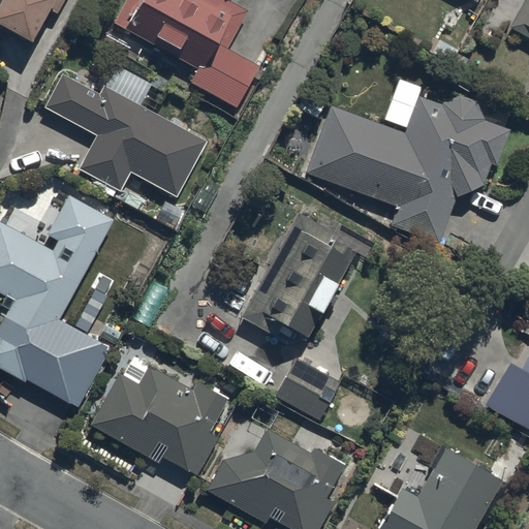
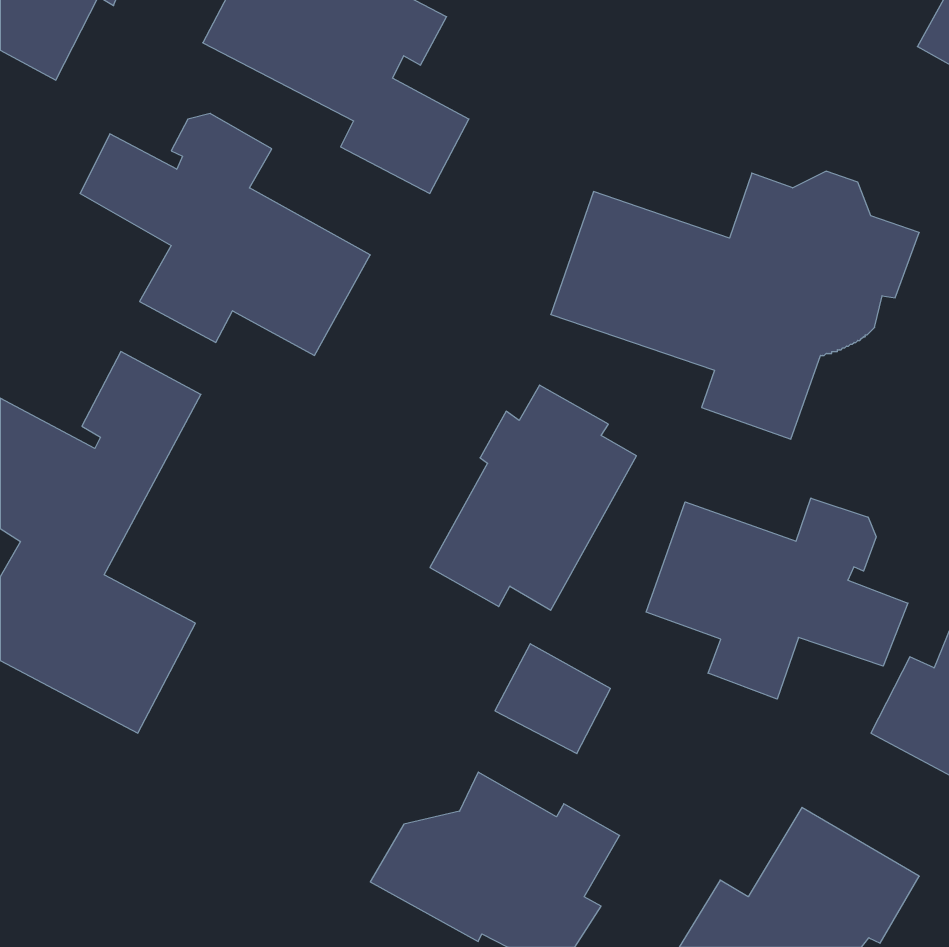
building: none -> [646,498,908,699]
building: [91,356,231,475] -> none

